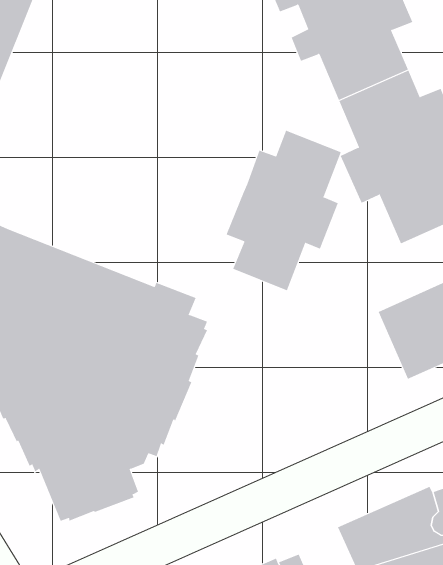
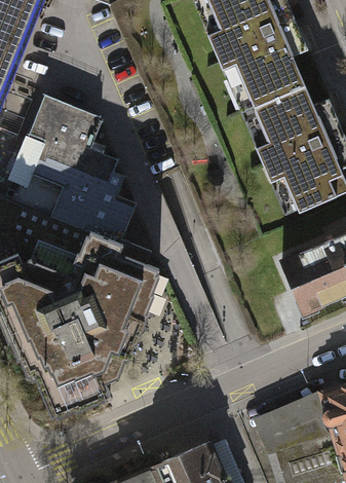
building: none -> [13,96,137,243]
building: [226,130,341,291] -> none

